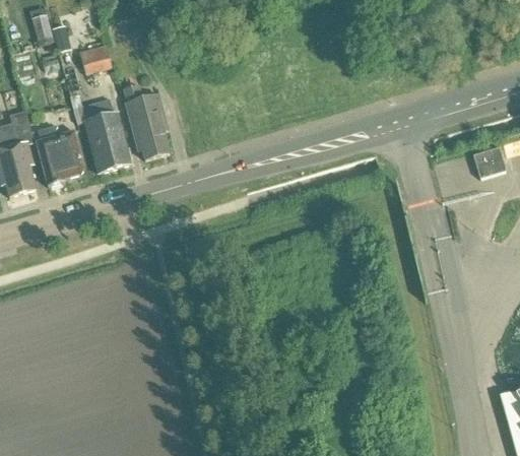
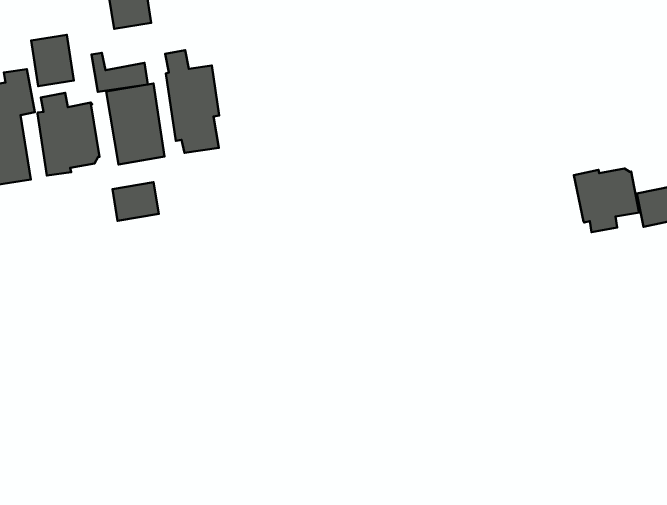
building: none -> [31,35,74,86]
building: none -> [574,168,640,232]
building: none -> [112,182,159,221]

